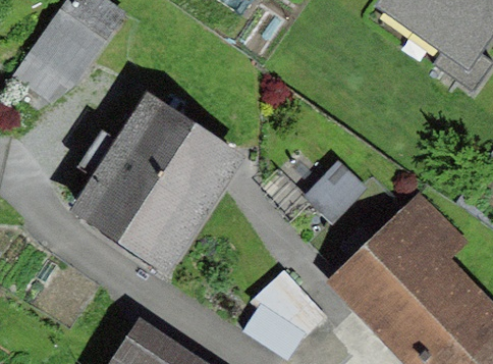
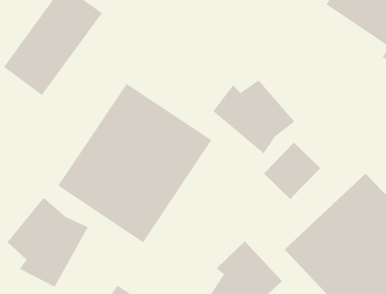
building: none -> [212,79,295,154]
building: none -> [7,197,88,288]

